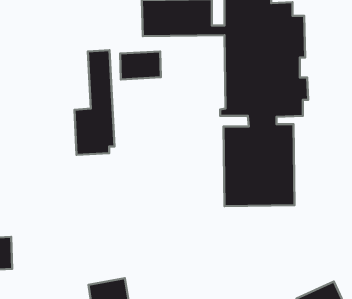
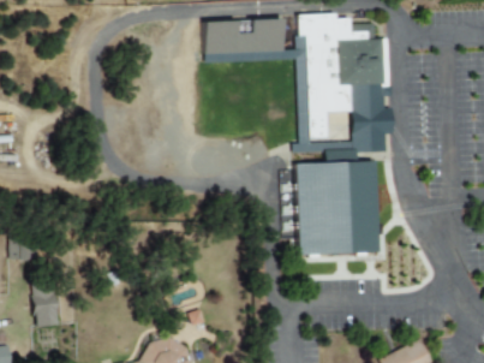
building: [75,50,115,155] -> none
building: [120,52,161,79] -> none

